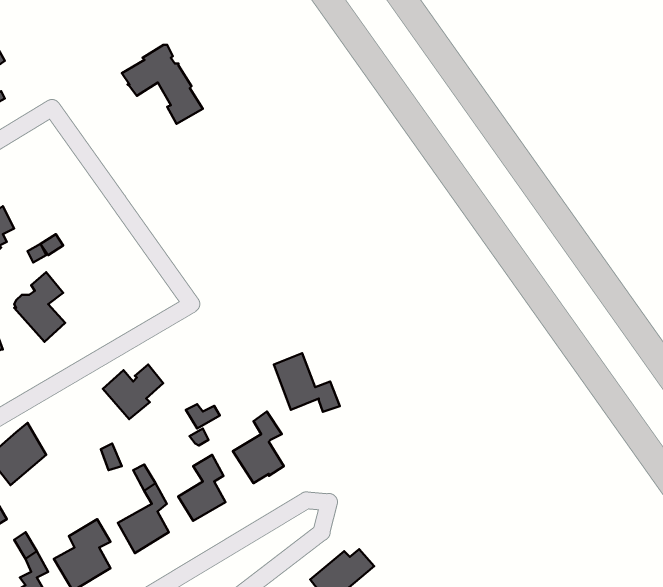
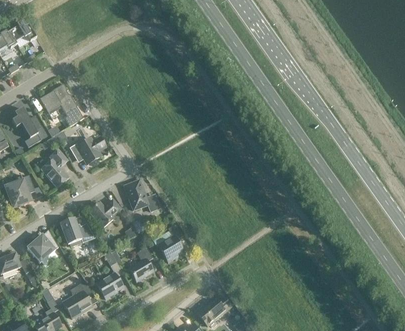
building: [122,45,203,124] -> [40,84,83,126]
building: none -> [69,137,105,164]
building: [274,353,340,412] -> [124,180,159,211]
building: none -> [60,218,95,246]

